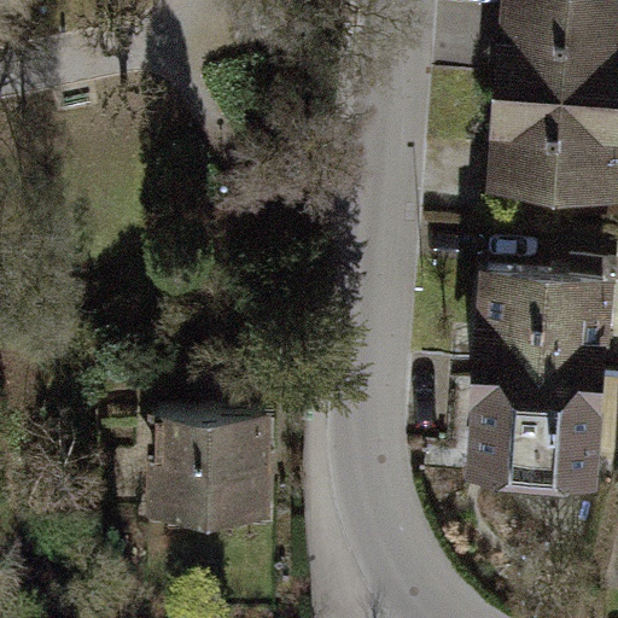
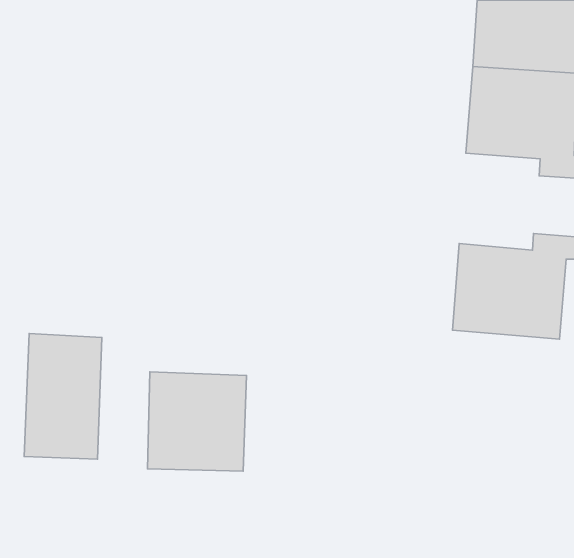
building: [478,373,601,476] -> none
building: none -> [24,334,102,459]

